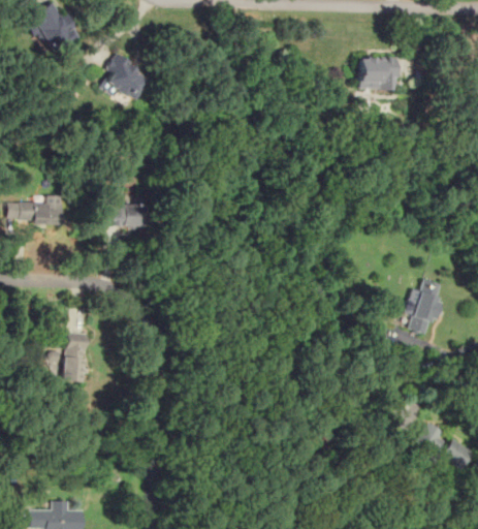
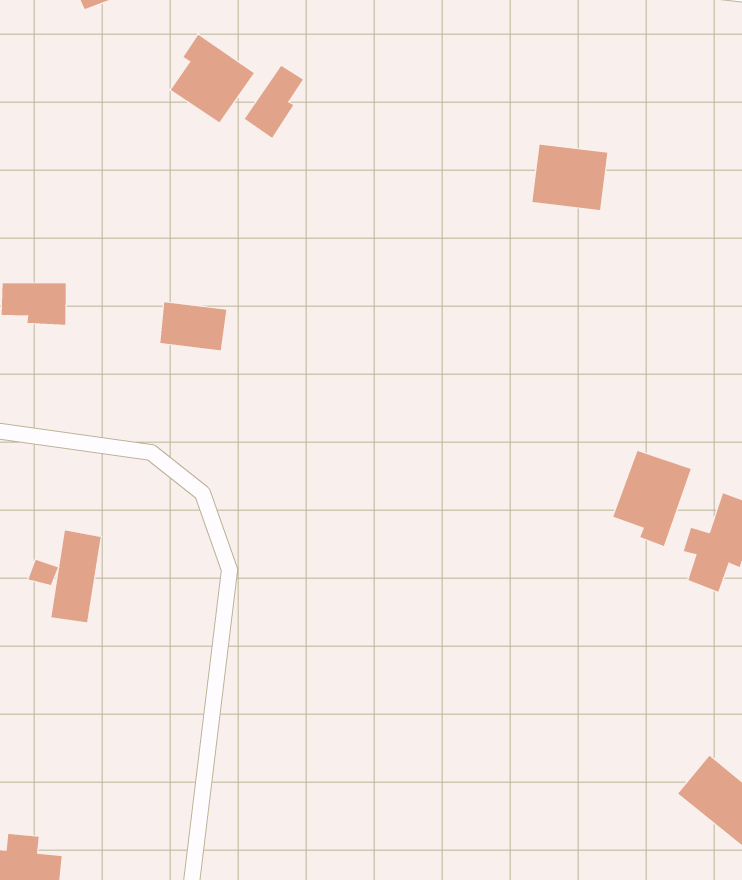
building: [359,57,399,90] -> [532,144,608,211]
building: none -> [244,65,304,139]
building: none -> [612,450,692,547]

